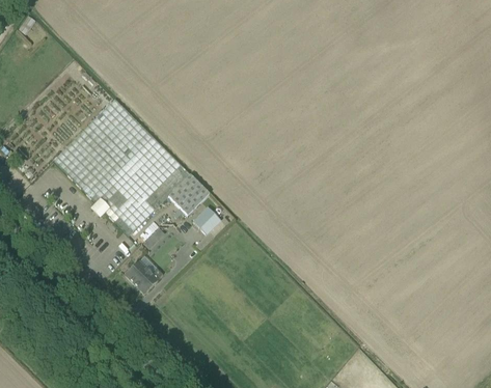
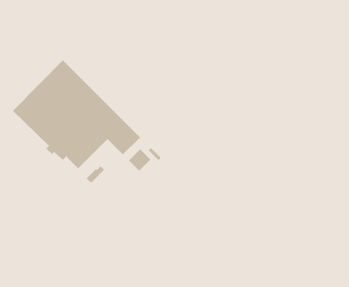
building: [126,260,163,294] -> none

